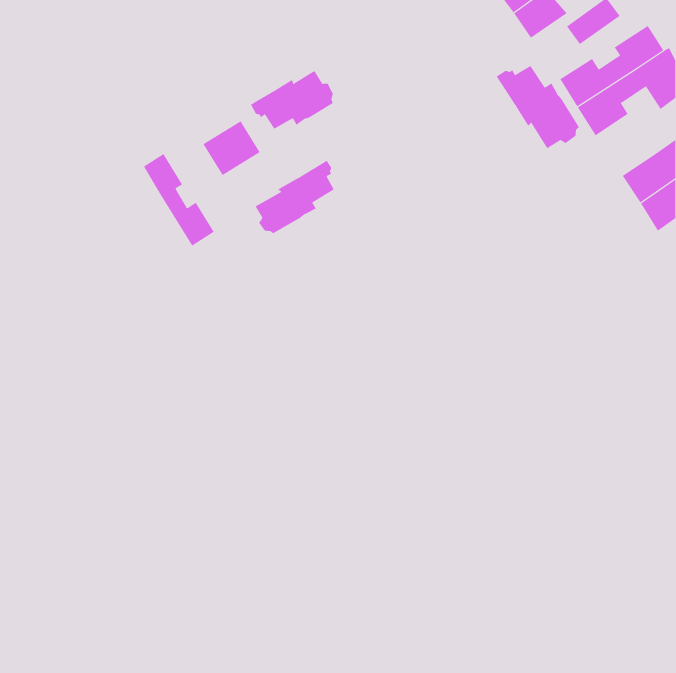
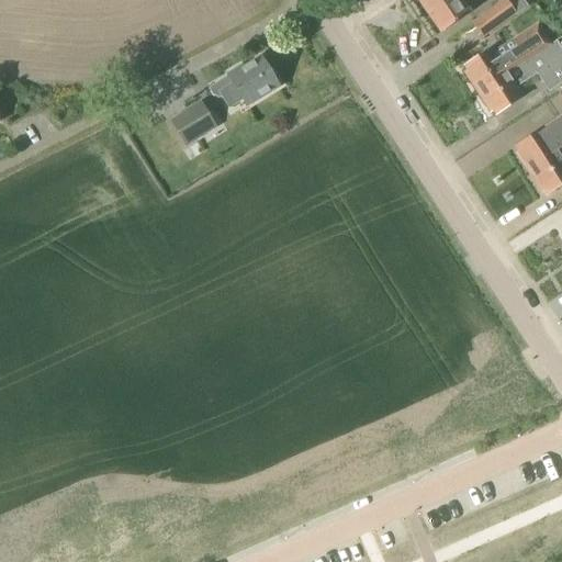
building: [496,65,580,149] -> none
building: [143,153,215,246] -> none
building: [255,160,334,234] -> none

